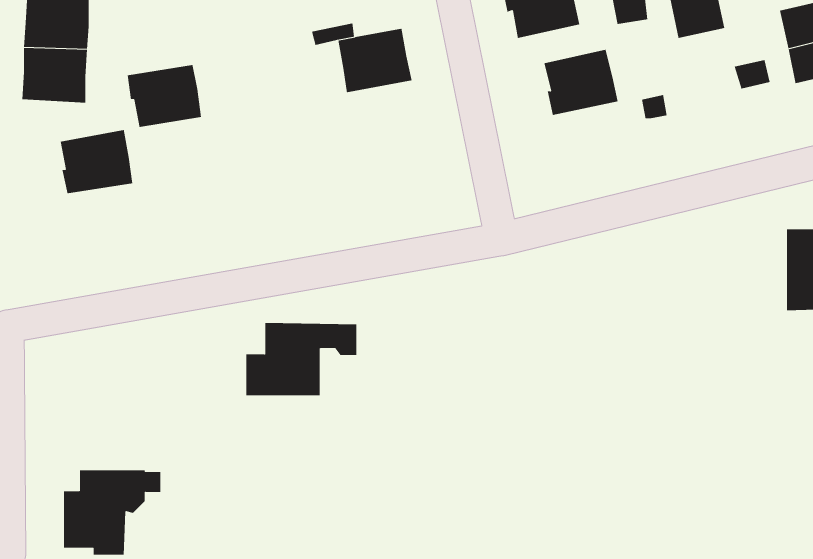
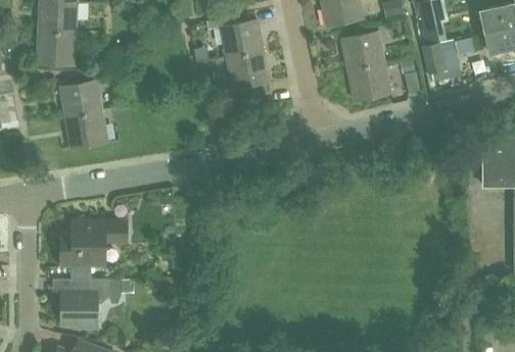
building: [127,65,202,127] -> [62,111,106,148]
building: none -> [420,42,446,74]
building: none -> [226,51,271,89]
building: none -> [346,63,391,101]
building: [245,322,357,396] -> [60,221,126,264]

